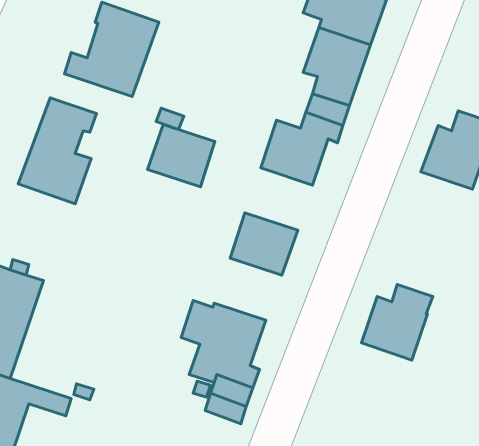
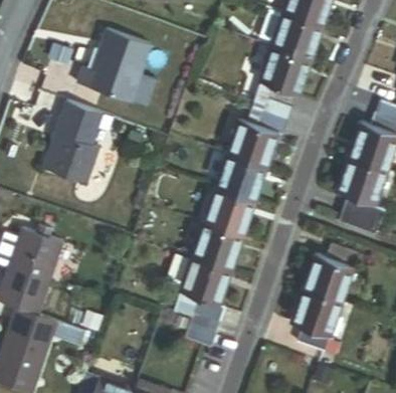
building: [147,124,215,187] -> [215,155,266,202]
building: none -> [338,158,388,233]
building: none -> [192,223,243,270]
building: none -> [291,287,342,348]

